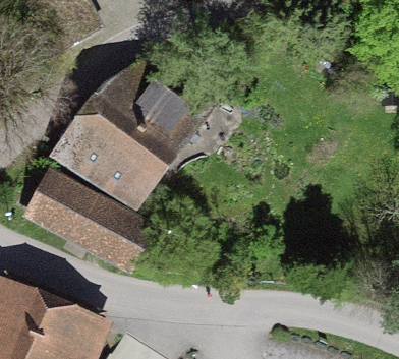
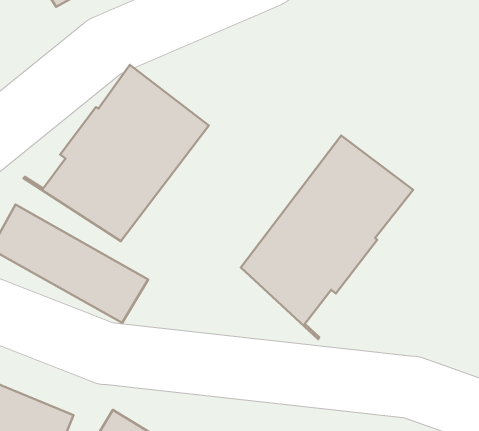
building: none -> [241,135,413,339]

